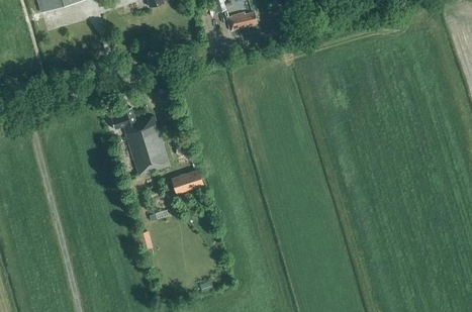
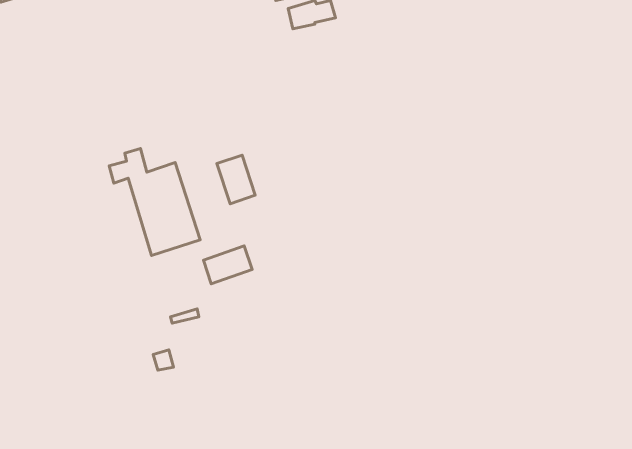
building: none -> [217,155,255,204]

